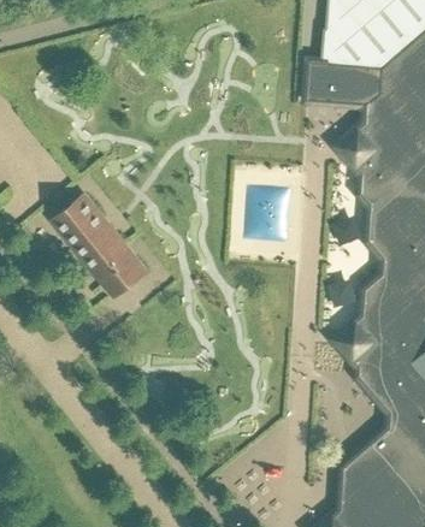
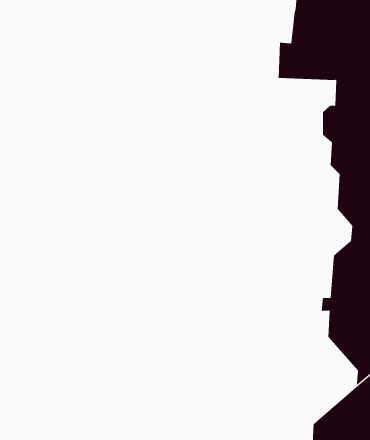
building: [52,194,149,300] -> none

